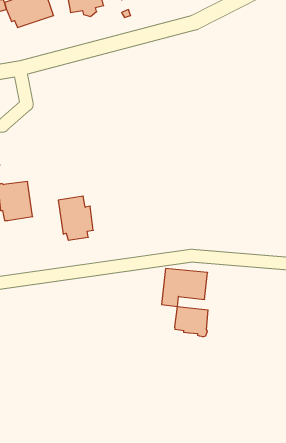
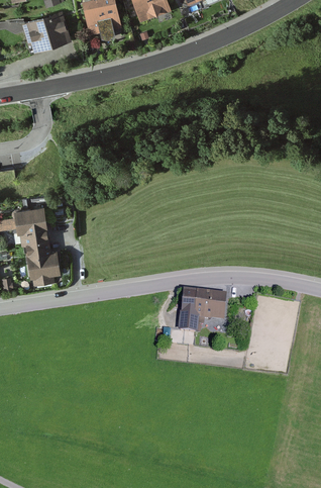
building: [58,196,93,240] -> [24,241,60,286]
building: [175,306,208,337] -> none

